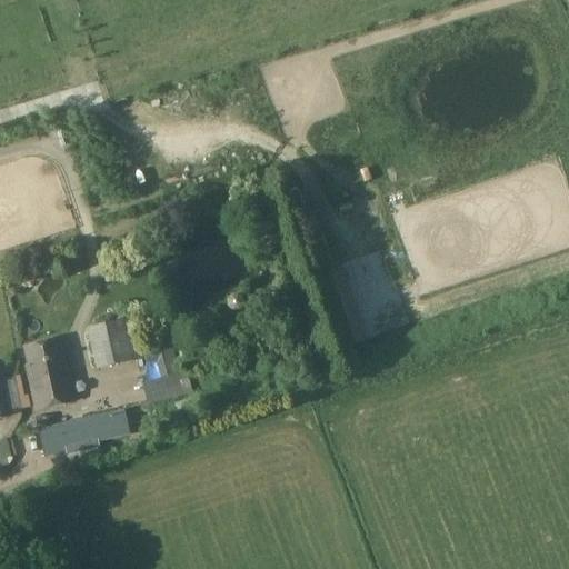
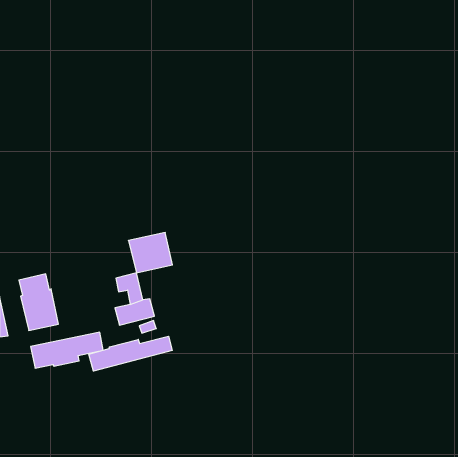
building: [87,317,141,367] -> [128,233,172,273]
building: none -> [89,336,172,371]

